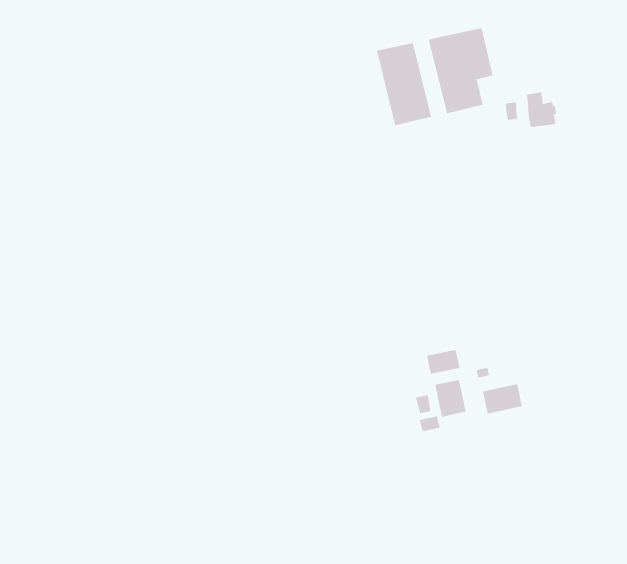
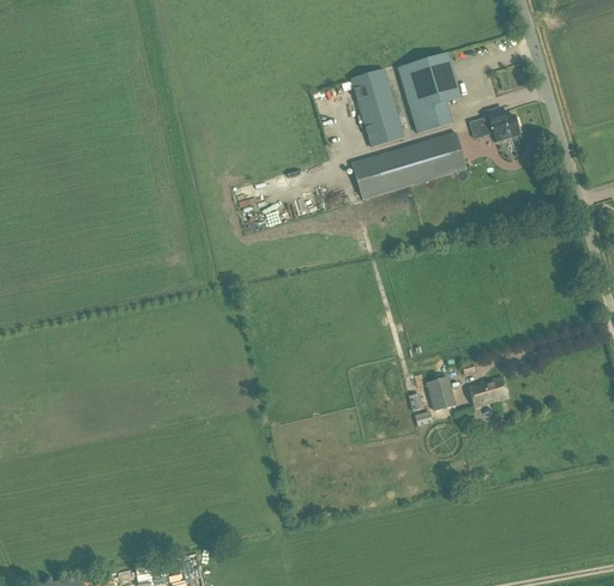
building: none -> [351,132,466,200]
building: [427,349,460,375] -> none

